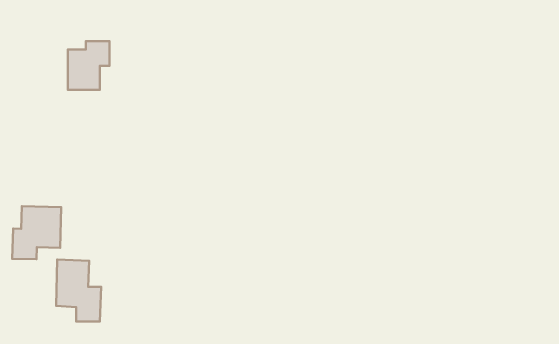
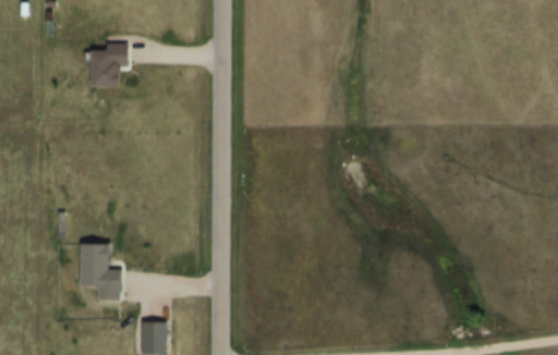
building: [12,206,61,259] -> none

